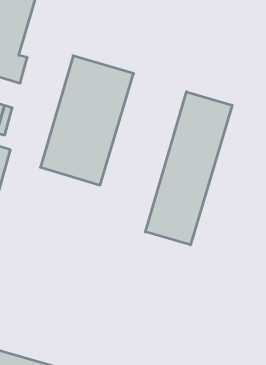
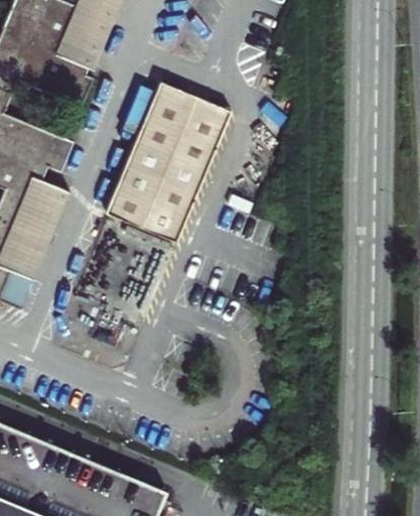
building: [145,92,232,245] -> none

